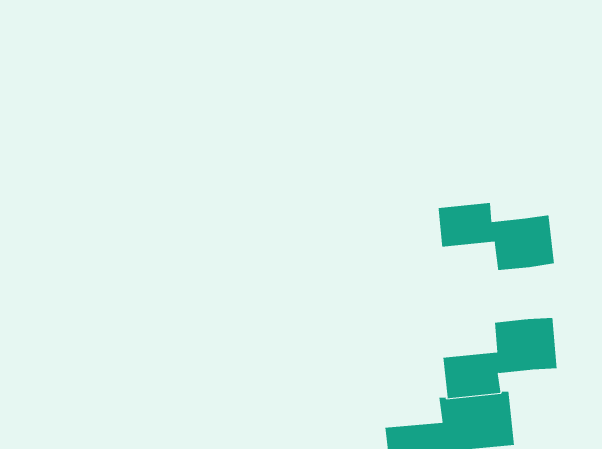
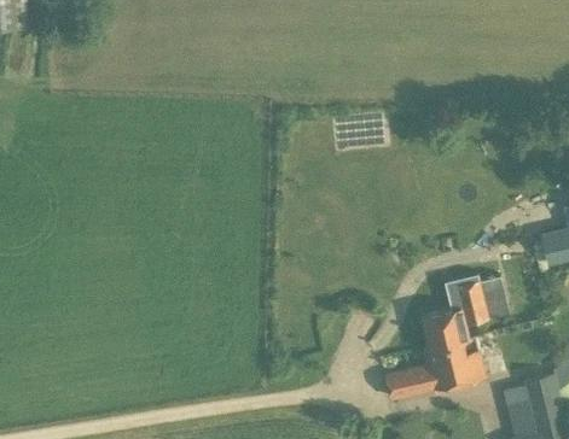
building: [438,202,555,271] -> none

